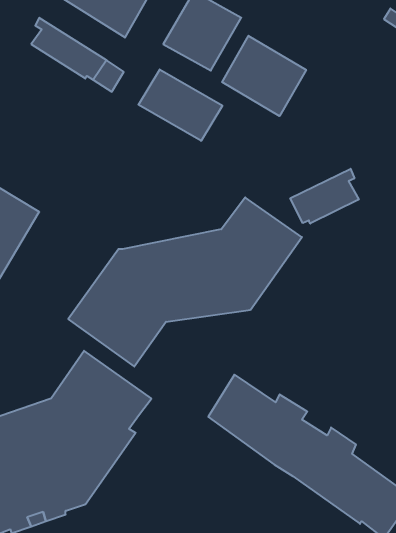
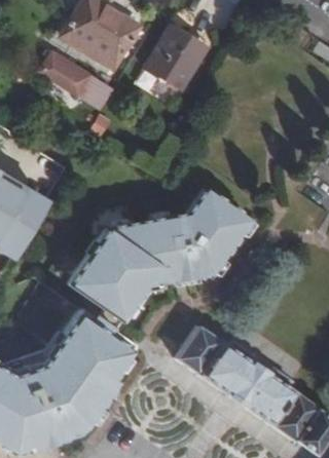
building: [222,36,306,116] -> none
building: [138,69,222,141] -> none
building: [290,169,359,224] -> none

